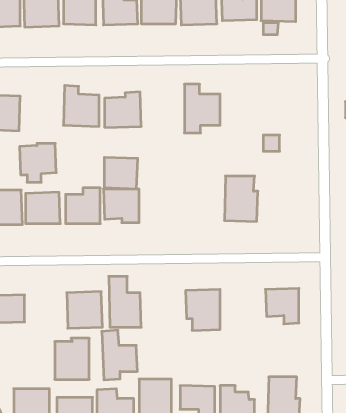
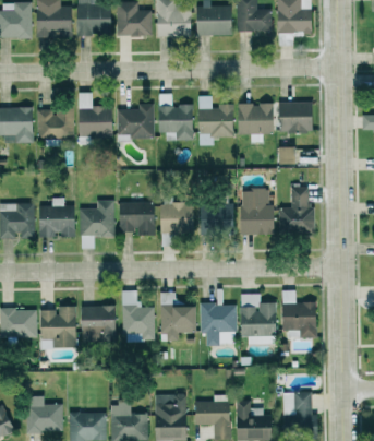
building: none -> [278,102,312,132]
building: none -> [238,104,274,142]
building: none -> [158,105,194,141]
building: [20,143,56,182] -> [37,107,74,146]
building: [104,157,138,189] -> [158,202,192,234]
building: none -> [279,187,315,235]
building: none -> [200,203,232,233]
building: none -> [239,294,274,344]
building: [102,330,137,380] -> [159,291,195,342]
building: [55,338,89,379] -> [40,307,75,348]

